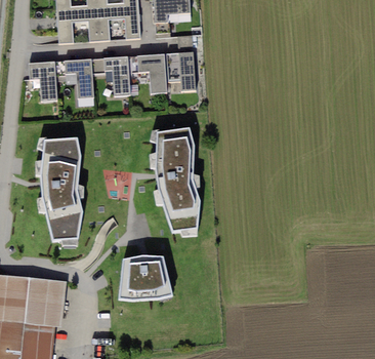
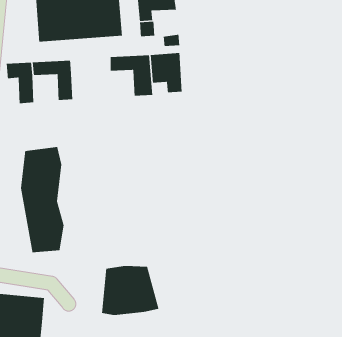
building: [89,55,128,94] -> none
building: [159,132,203,235] -> none

